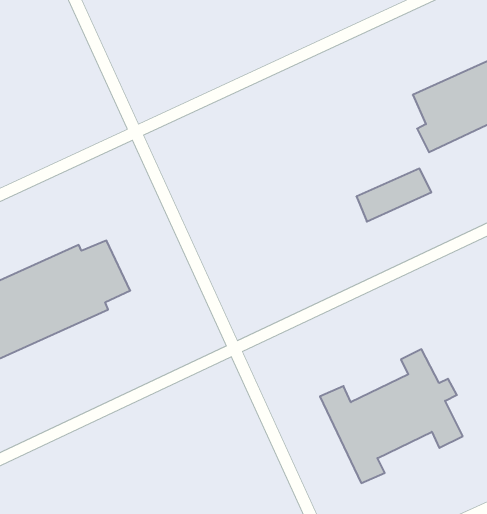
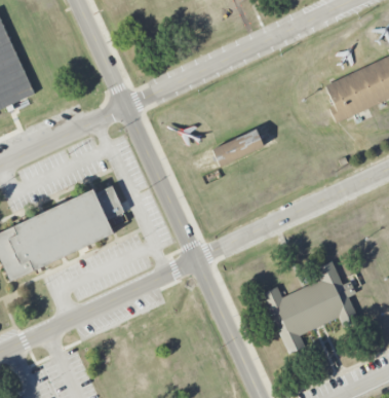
building: [356,169,431,222] -> [211,131,264,168]

